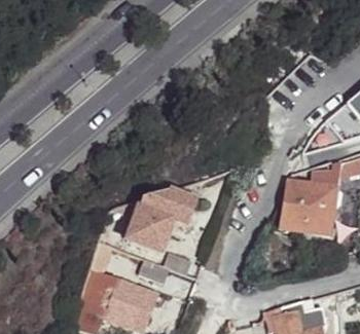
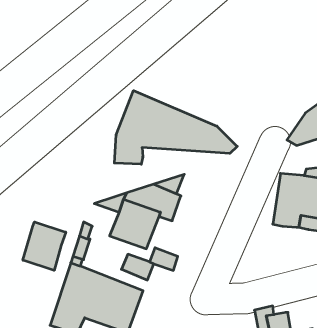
building: none -> [114,91,237,164]
building: none -> [23,222,66,270]

